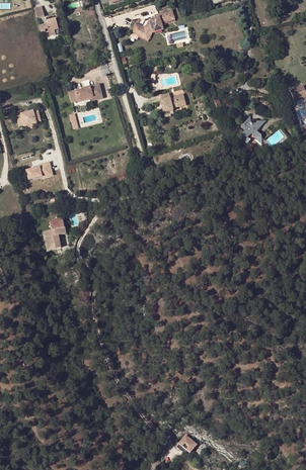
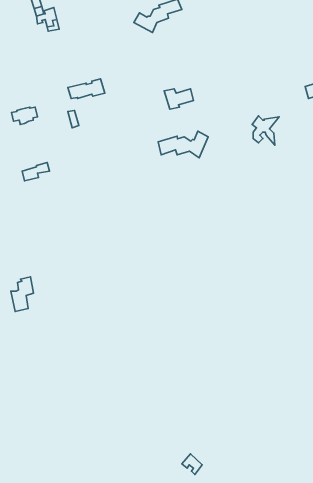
building: none -> [158,131,208,158]
building: [45,216,66,249] -> [11,277,34,312]

